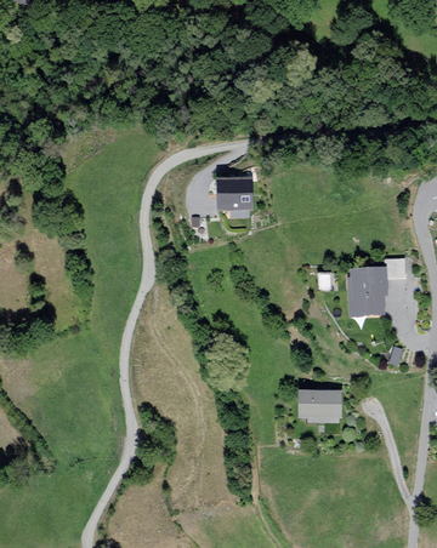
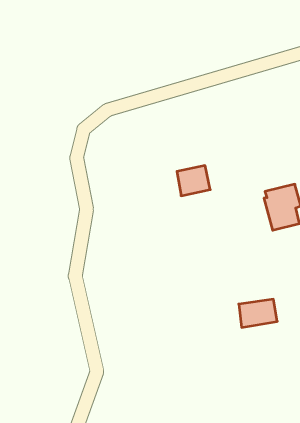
building: [218,181,252,210] -> [177,166,210,196]

